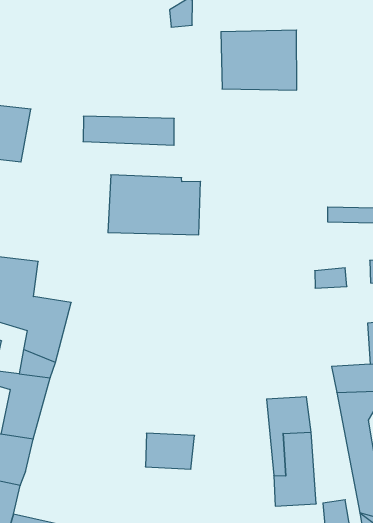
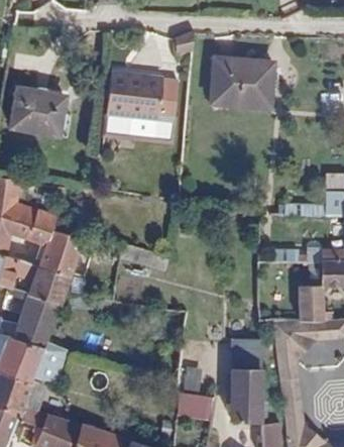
building: [108,175,201,235] -> [106,66,180,117]
building: [145,433,195,469] -> [175,388,214,419]

